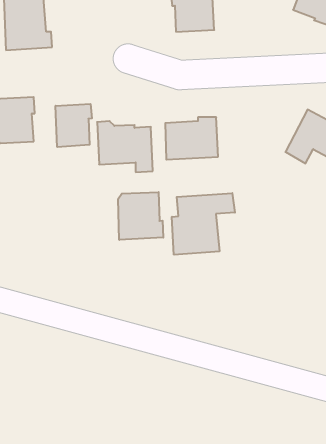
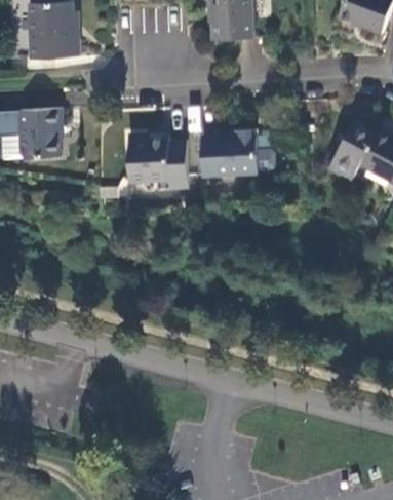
building: [56,104,92,147] -> none
building: [118,192,163,240] -> none
building: [172,193,235,255] -> none

